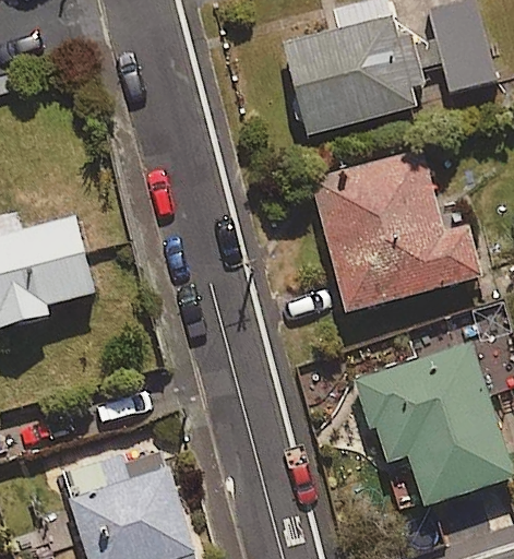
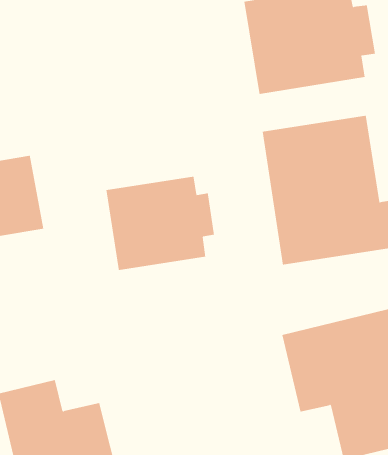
building: none -> [106,176,215,271]

